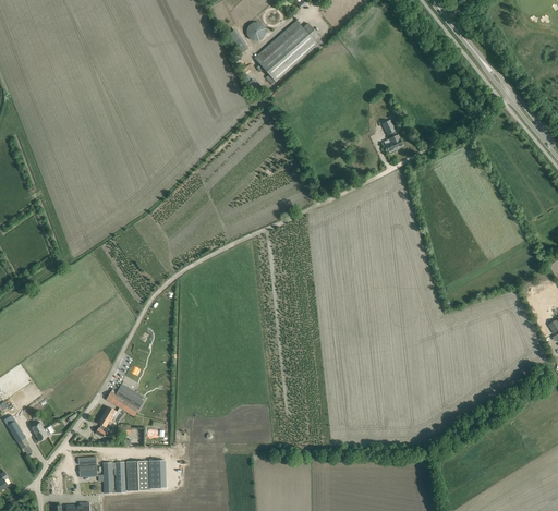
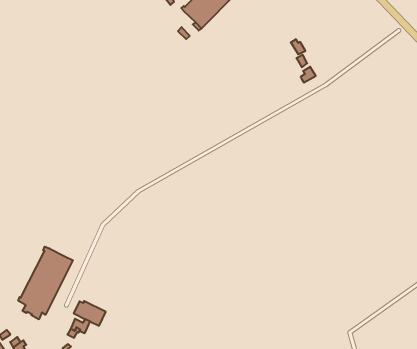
building: none -> [18,247,73,319]

